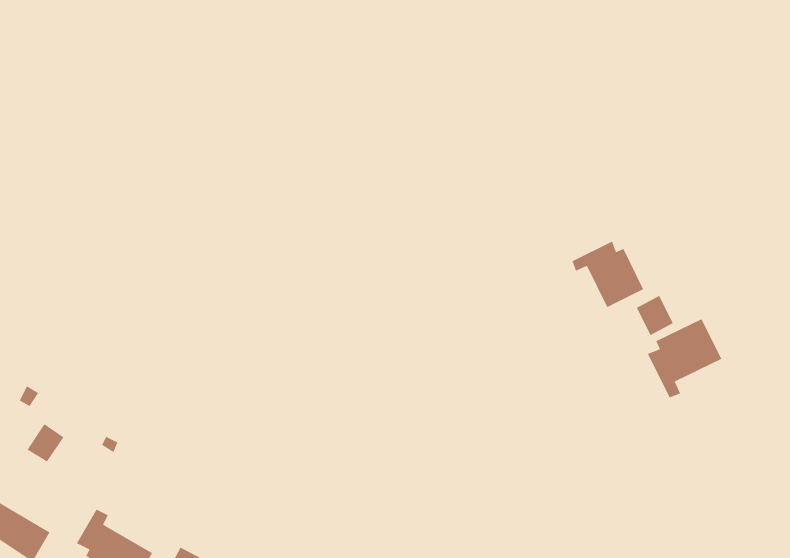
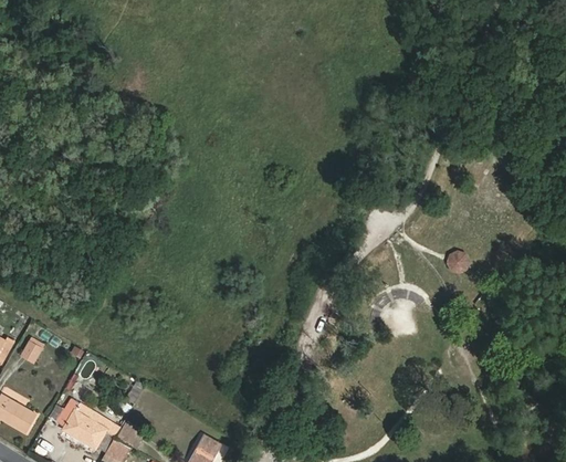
building: [571,240,644,308] -> none
building: [647,318,723,398] -> none

